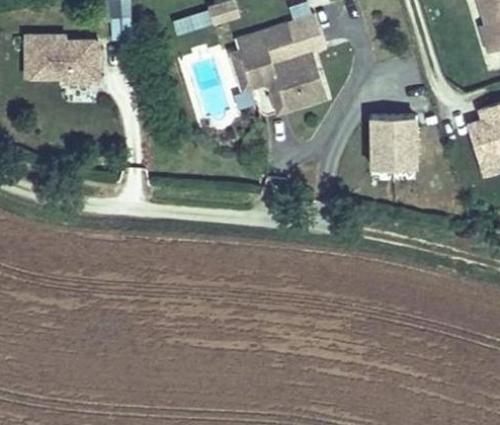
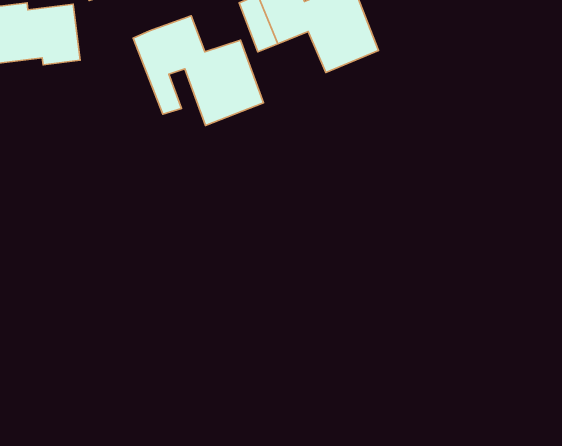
building: none -> [133,16,264,125]
building: [371,117,415,169] -> none

